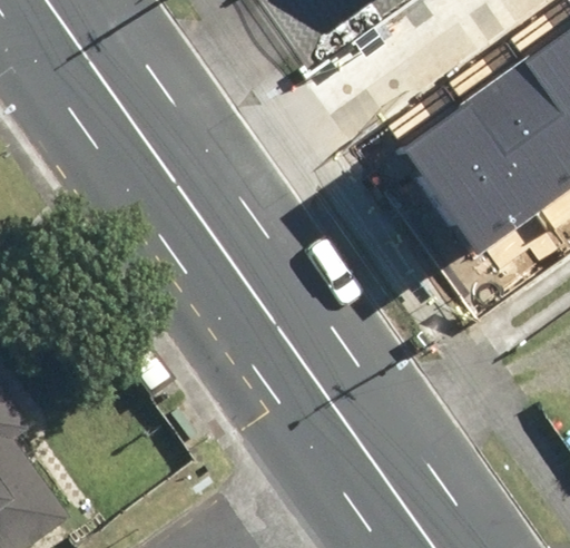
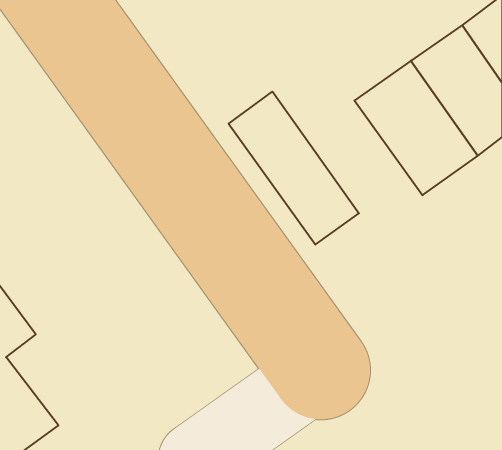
building: none -> [229,92,359,245]

